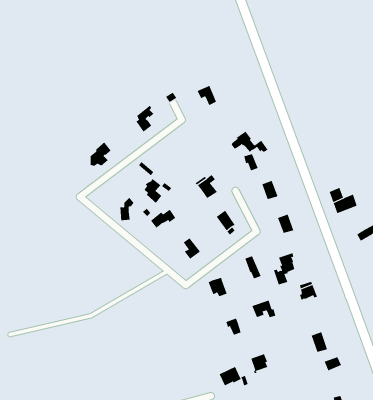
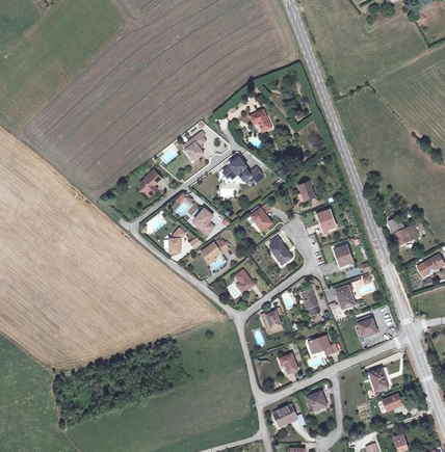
building: [231,131,269,153] -> [224,158,263,181]

